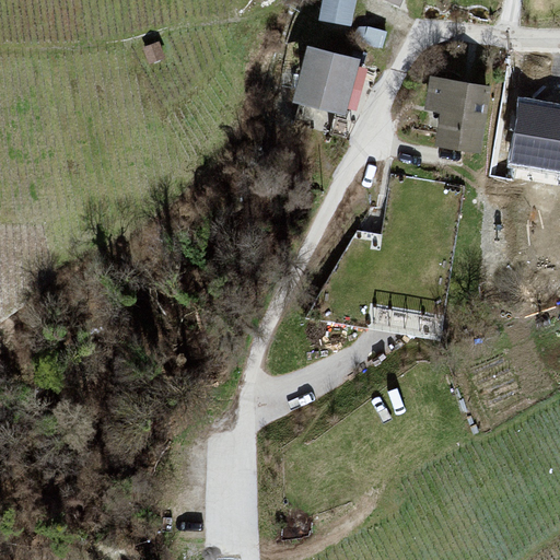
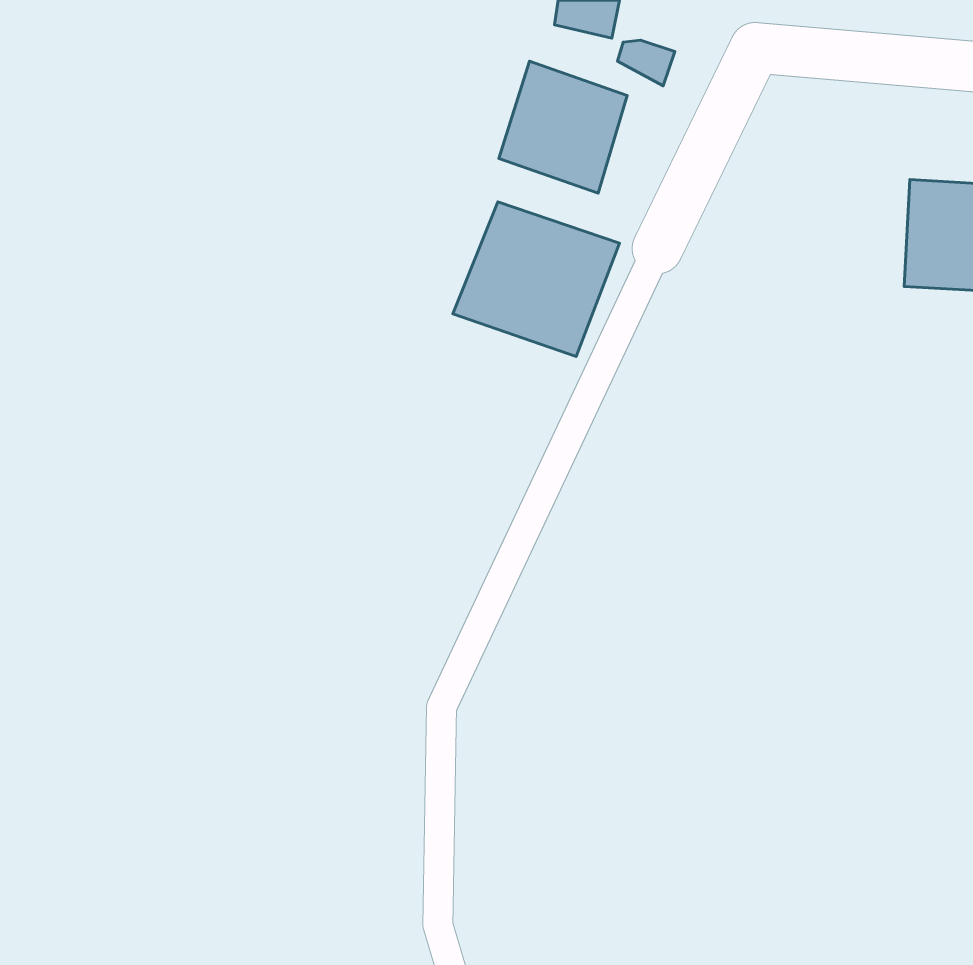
building: [424,75,491,150] -> none
building: none -> [453,202,620,357]

